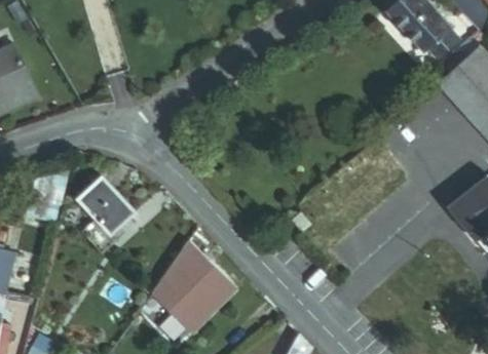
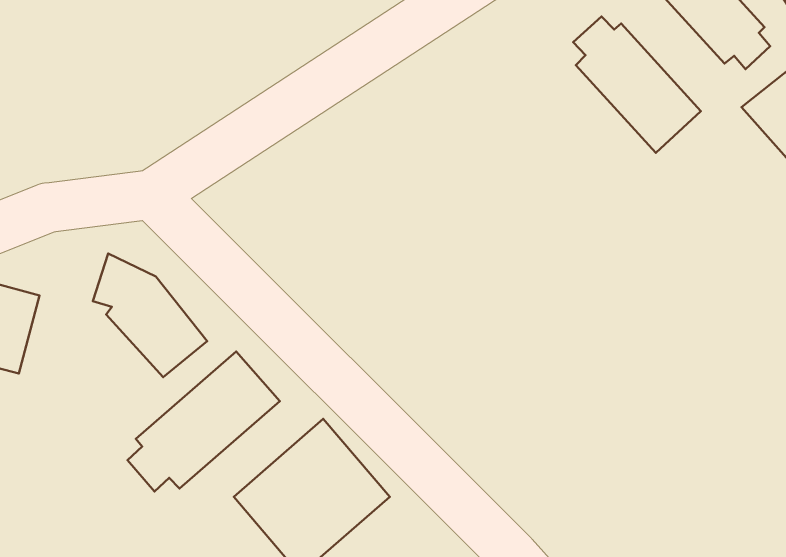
building: none -> [573,17,701,153]
building: none -> [127,351,280,492]

